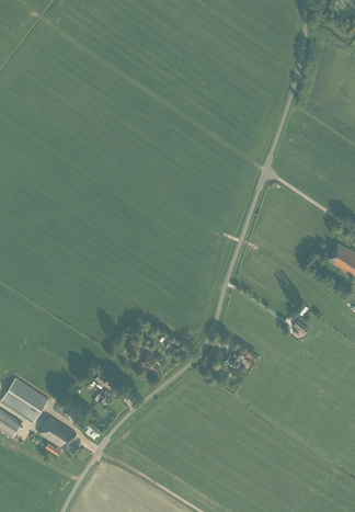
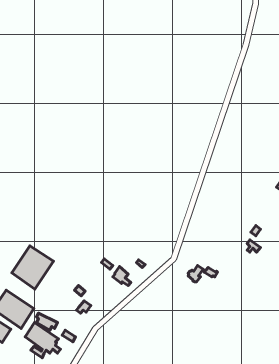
building: none -> [12,246,54,289]

